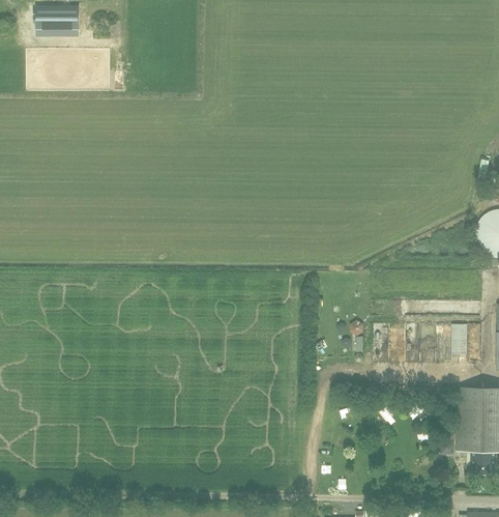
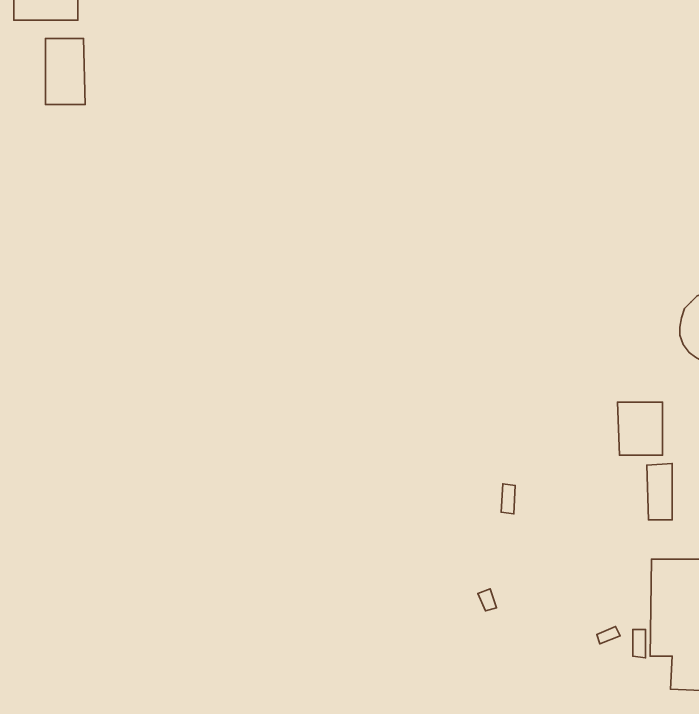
building: none -> [45,39,85,105]
building: none -> [618,402,662,455]

